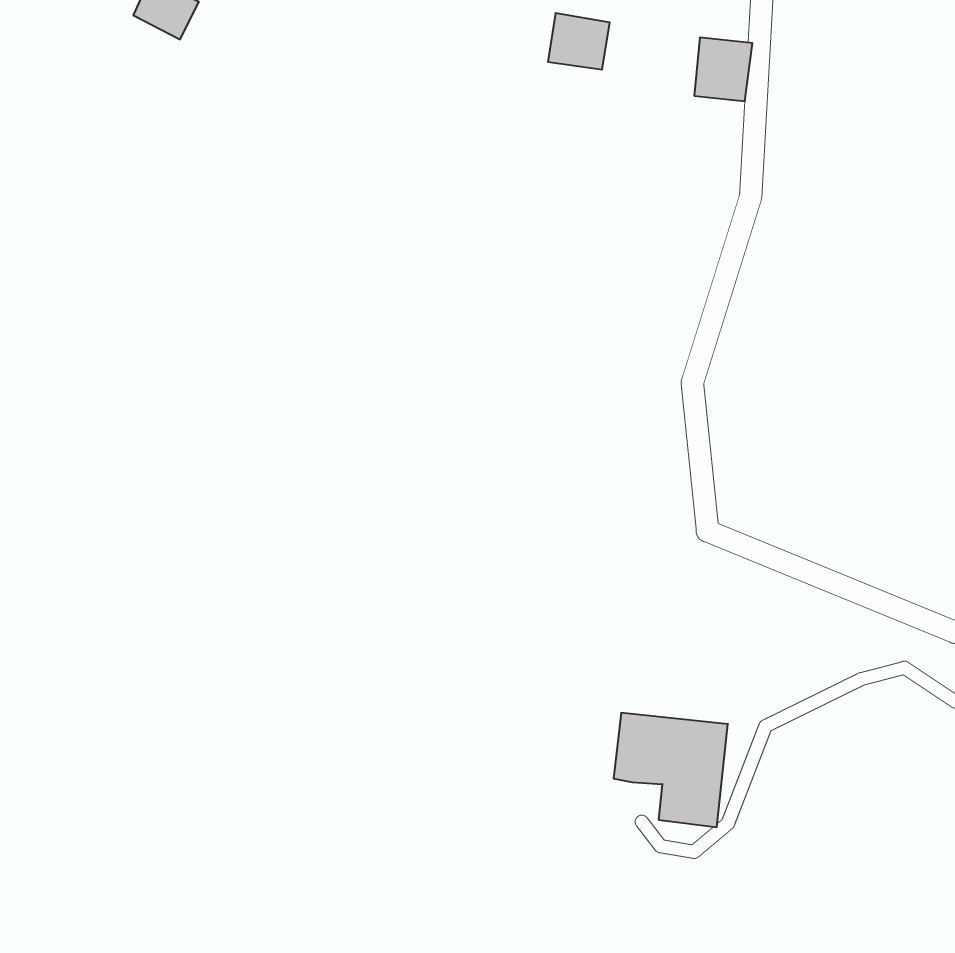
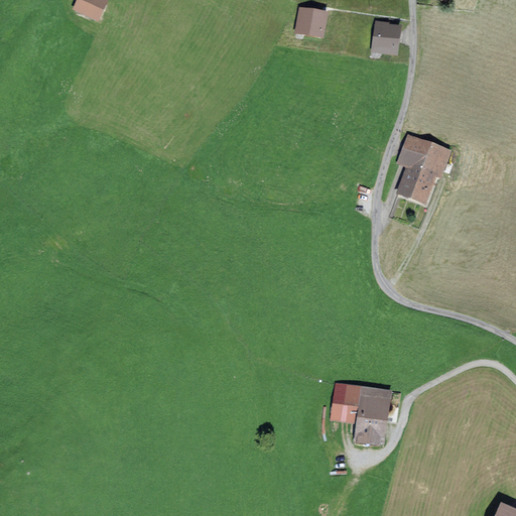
building: none -> [396,132,450,206]

